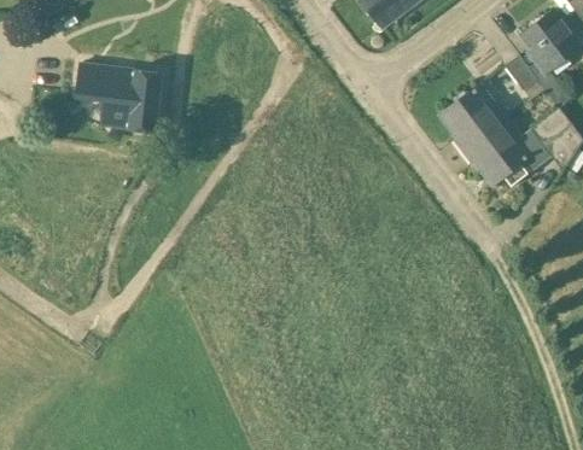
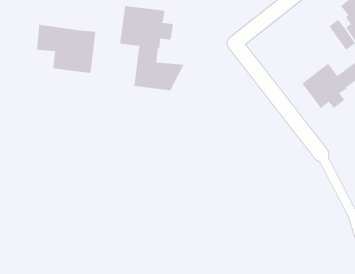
building: none -> [119,5,185,91]
building: [438,84,503,148] -> none

